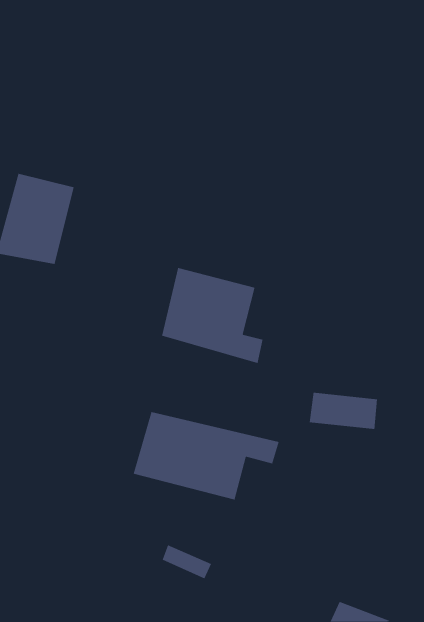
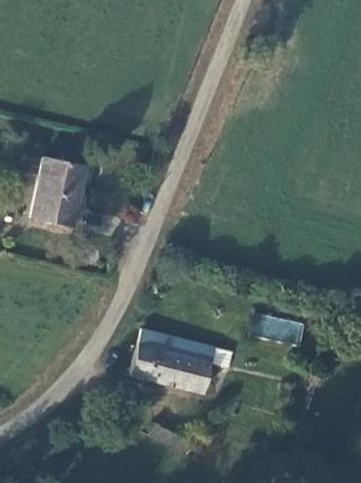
building: [161,267,263,364] -> none

